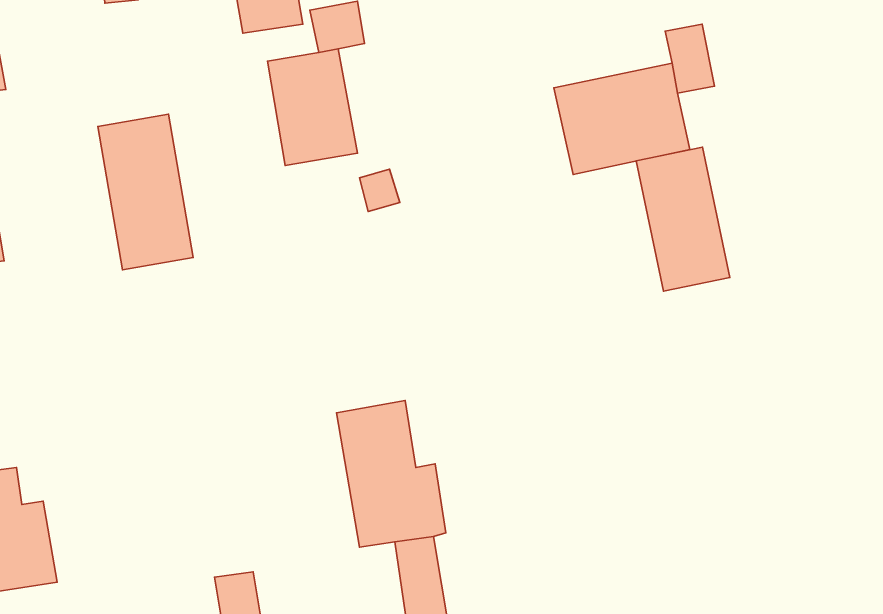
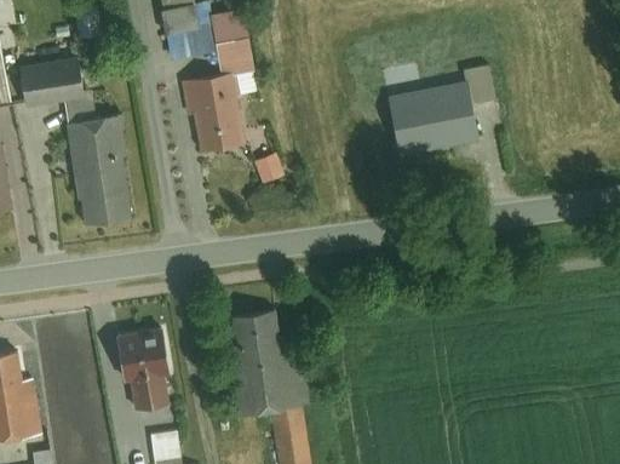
building: none -> [16,62,94,116]
building: [636,147,730,291] -> none
building: none -> [113,331,172,407]

